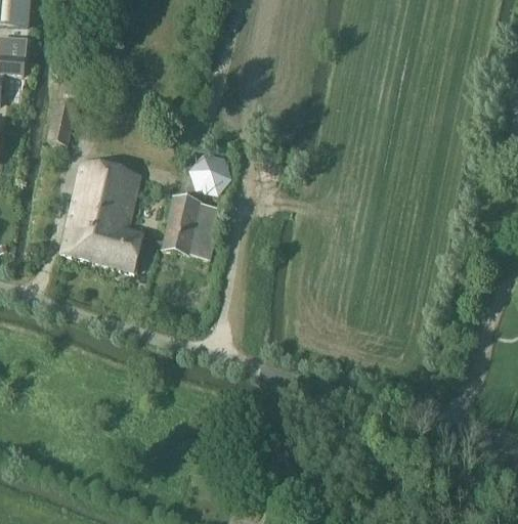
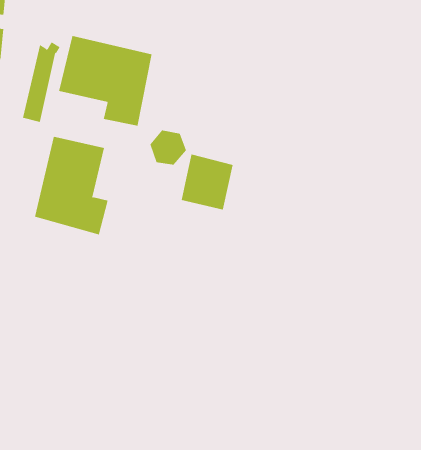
building: none -> [58,35,152,127]
building: [162,195,221,259] -> [181,154,234,210]

